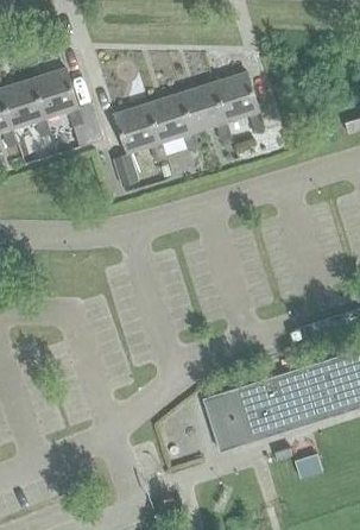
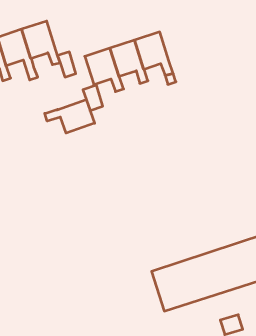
building: [214,70,280,137] -> none
building: none -> [45,100,95,133]

